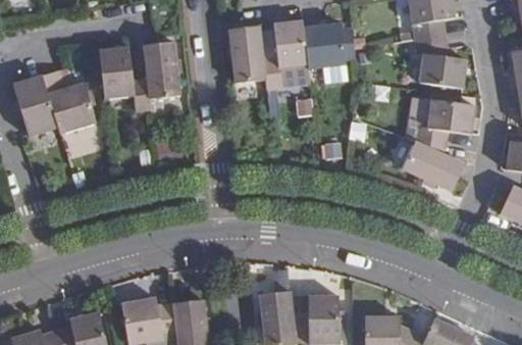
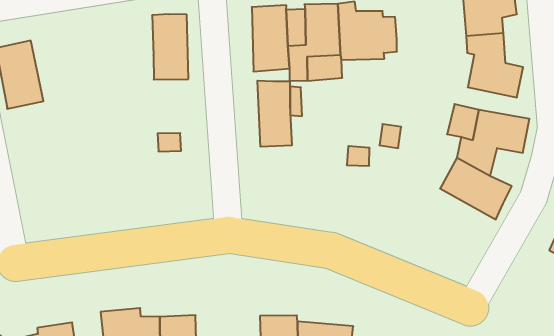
building: [99,45,152,110] -> none
building: [43,68,96,133] -> none
building: none -> [257,81,292,147]

